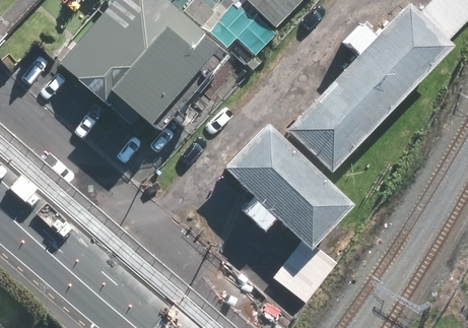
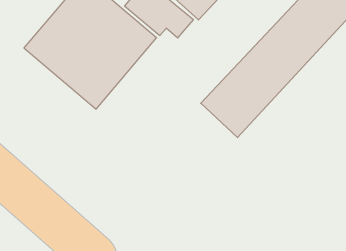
building: [221,125,351,303] -> none

